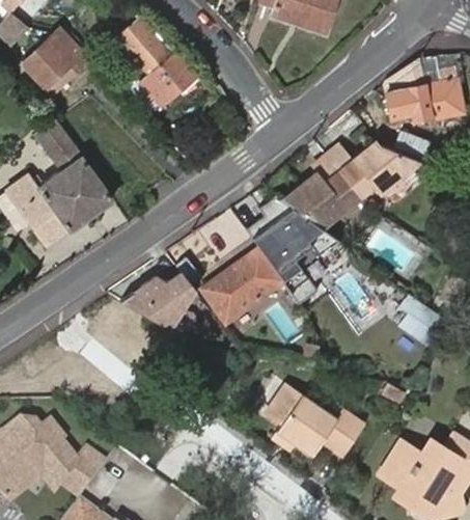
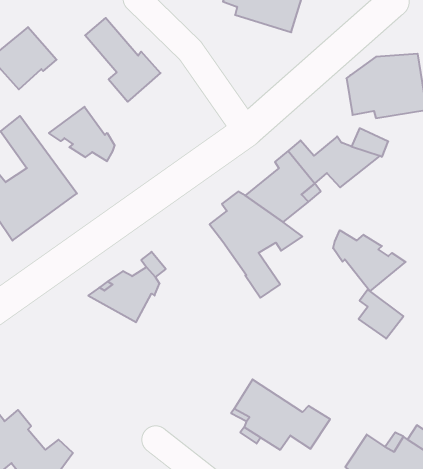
building: none -> [49,107,115,161]
building: none -> [333,230,406,291]
building: [200,247,282,323] -> none

